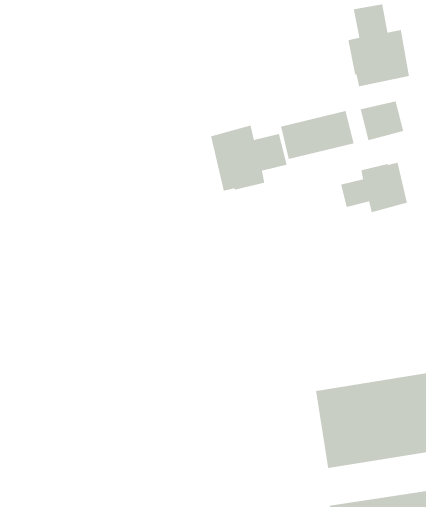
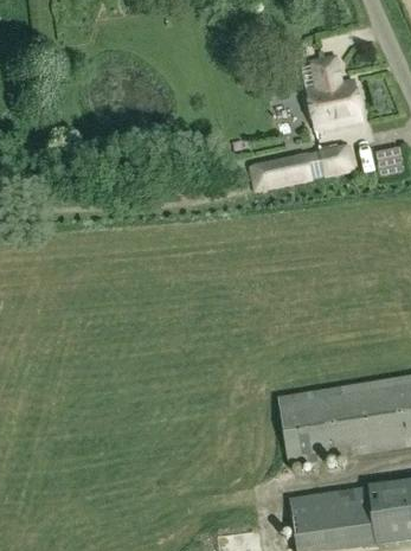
building: [210,125,287,191] -> none
building: [340,162,408,213] -> none

